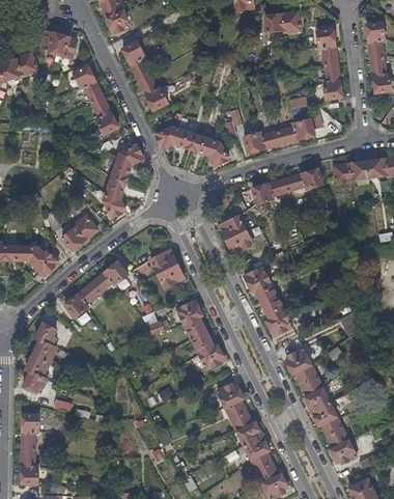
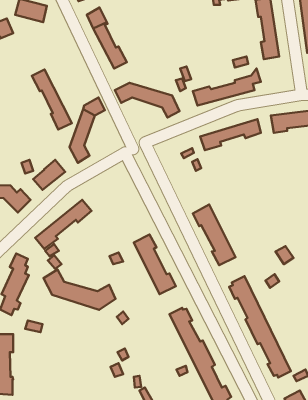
building: [73,65,118,134] -> [32,70,72,129]
building: [219,216,253,253] -> none
building: [149,249,184,288] -> none
building: none -> [44,269,116,310]

